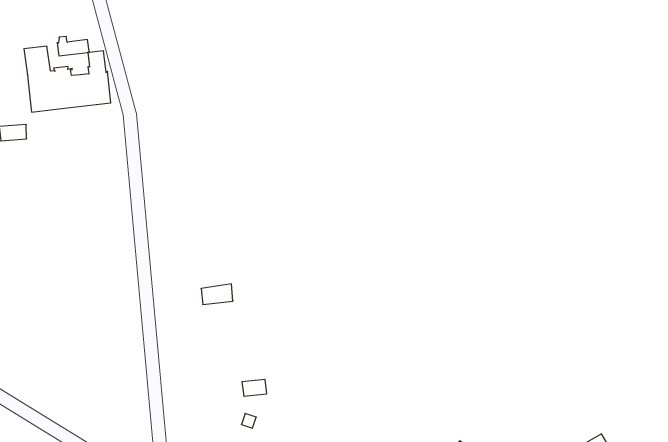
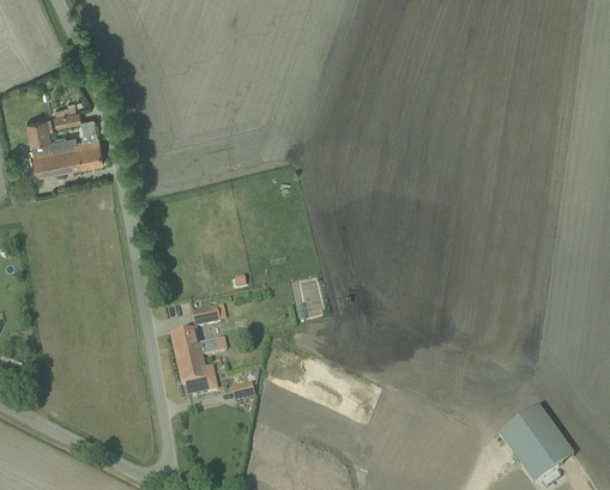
building: none -> [170,327,218,393]

